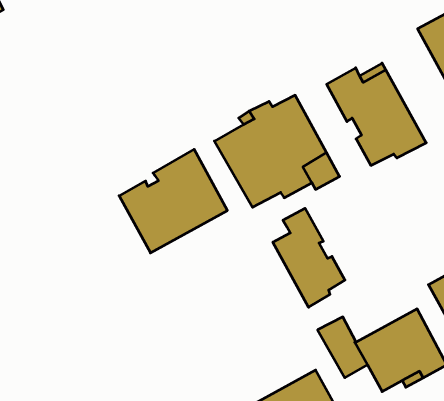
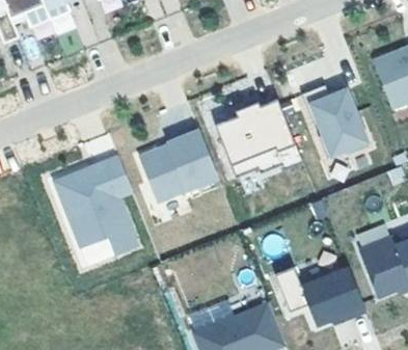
building: none -> [55,155,138,253]
building: [273,208,345,307] -> none

